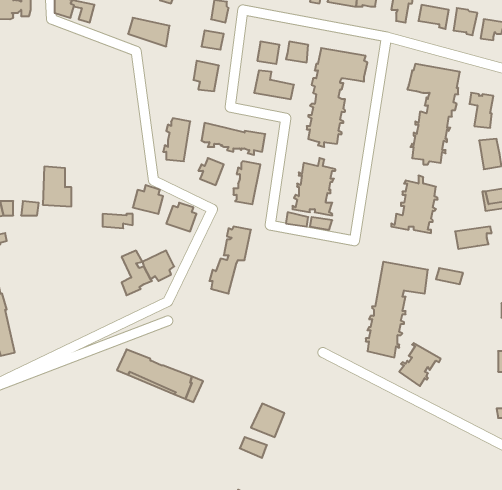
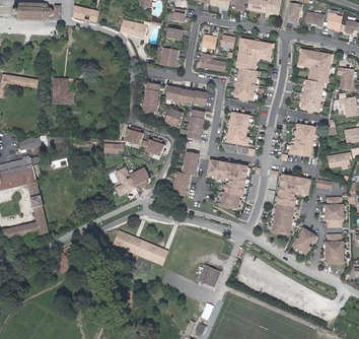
building: [43,167,71,206] -> [53,78,71,104]
building: none -> [207,159,247,209]
building: none -> [325,196,344,227]
building: none -> [324,233,346,264]

